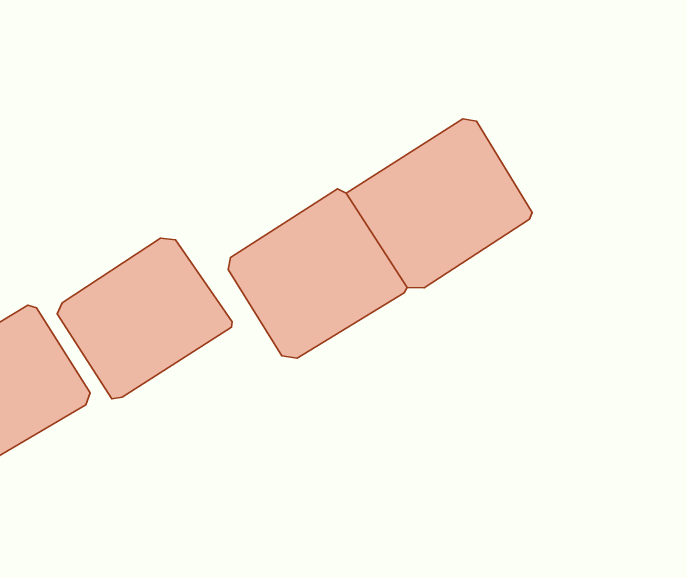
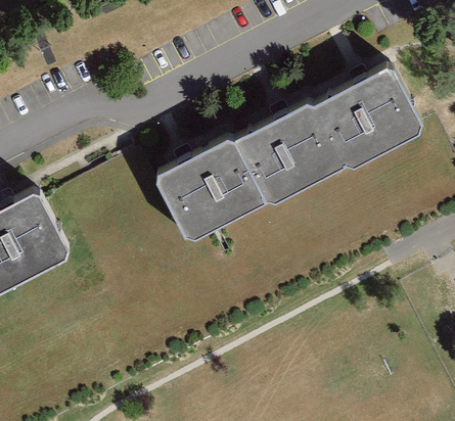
building: none -> [315,66,420,167]
building: [57,238,232,399] -> none

